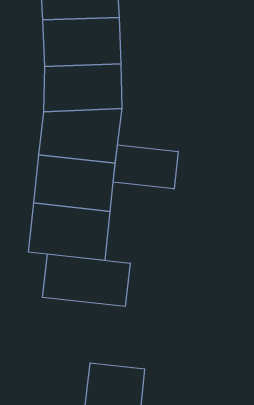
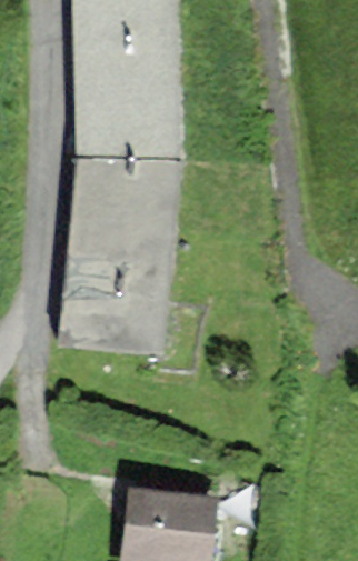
building: [113,145,178,189] -> none
building: [42,254,130,306] -> none

